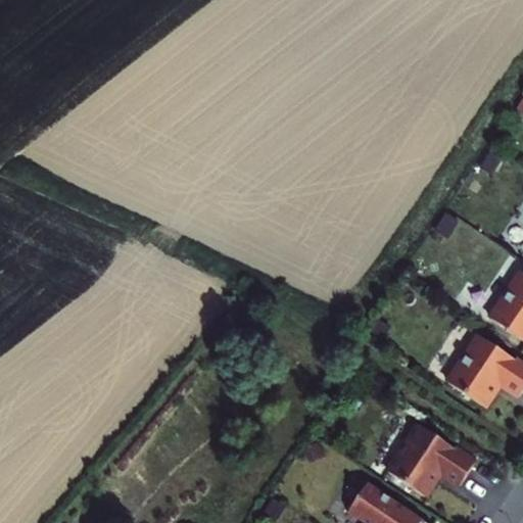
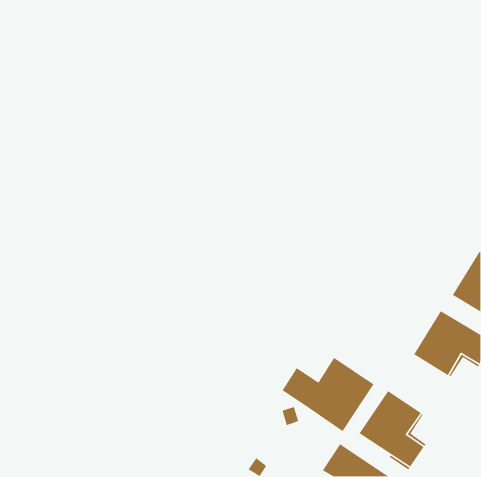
building: none -> [281,357,374,432]

